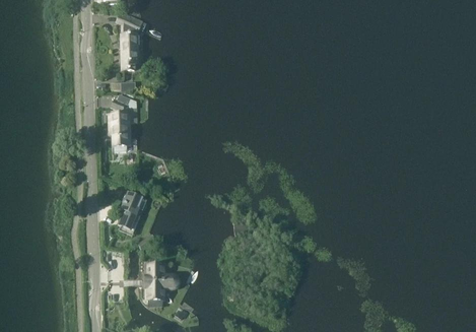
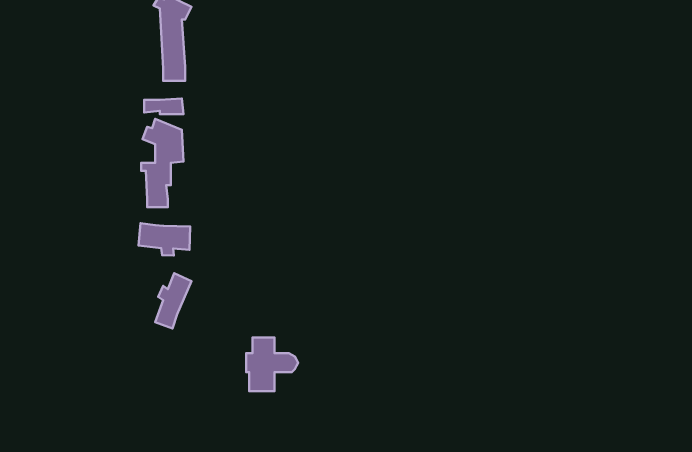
building: none -> [139,223,190,256]
building: [146,264,180,298] -> [246,338,298,391]

